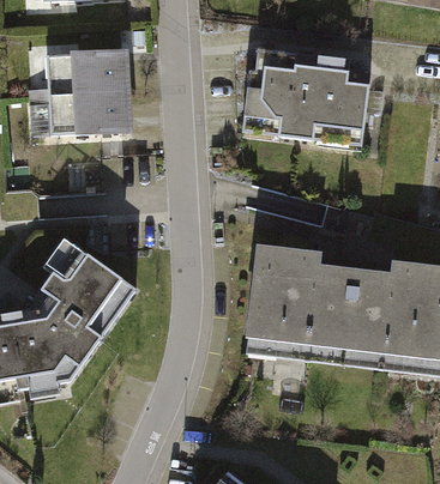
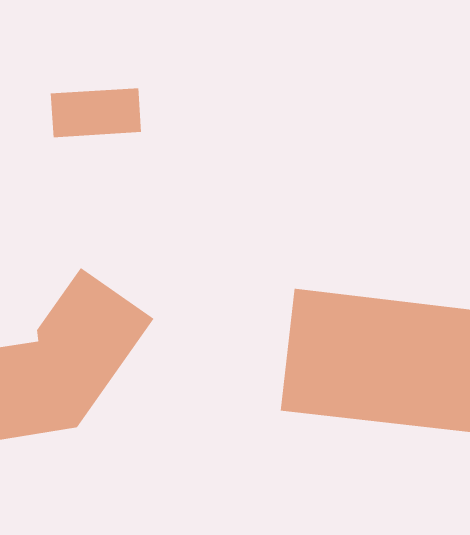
building: [48,46,127,90] -> none
building: [246,56,368,146] -> none

